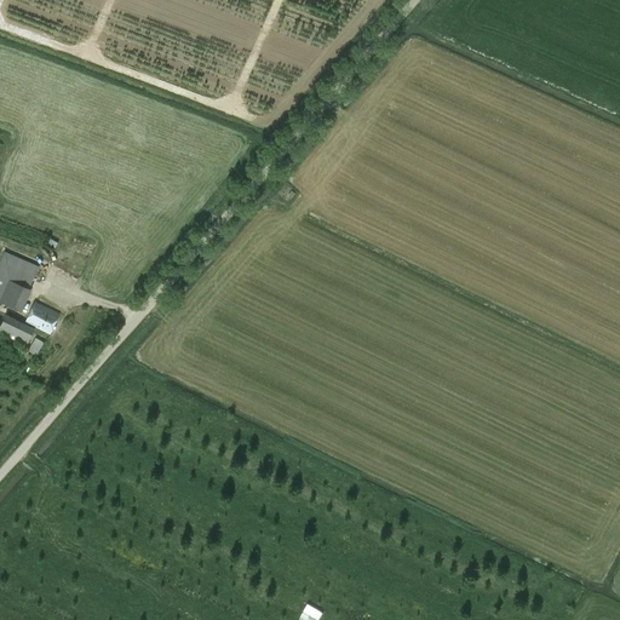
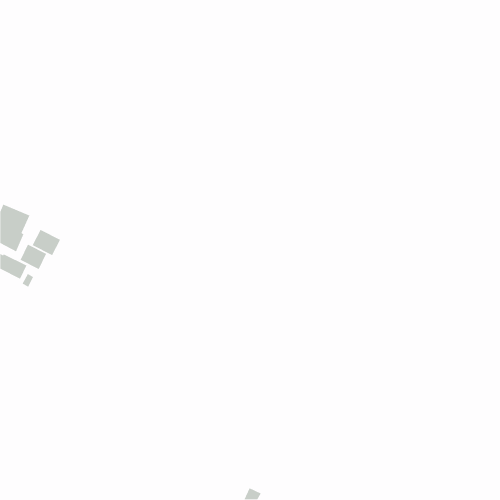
building: none -> [31,229,61,256]

